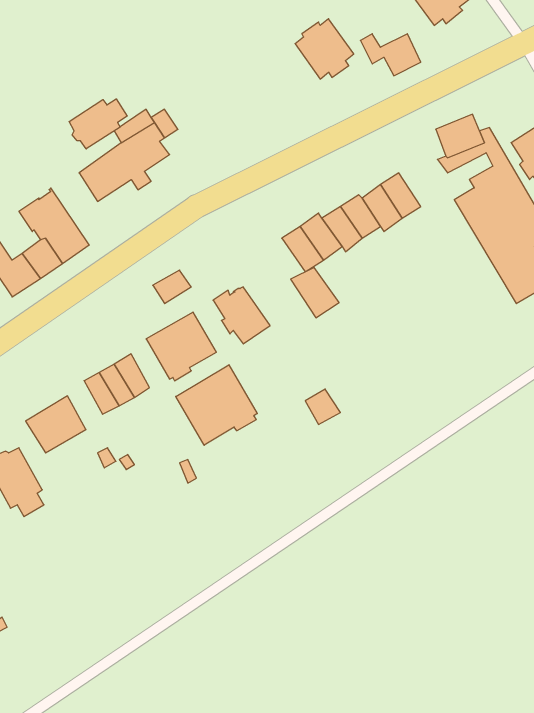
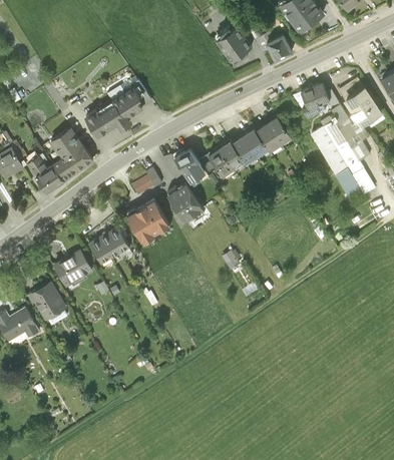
building: [69,99,127,149] -> none
building: [291,267,339,318] -> [175,152,205,182]
building: [176,365,257,445] -> none

